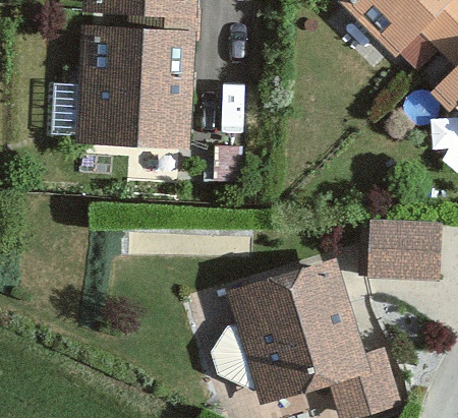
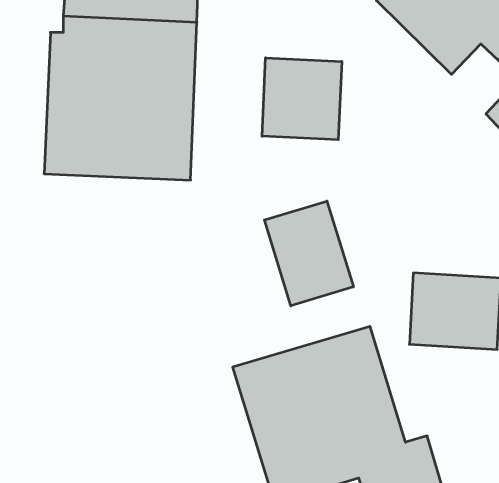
building: none -> [262,58,342,140]
building: none -> [264,201,353,306]

